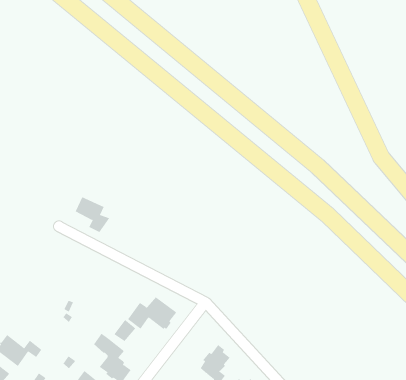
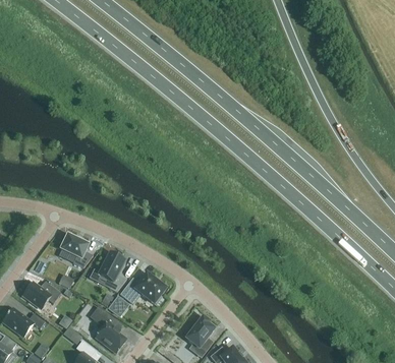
building: [75,197,110,233] -> [61,235,93,267]
building: none -> [99,253,126,292]
building: none -> [22,281,60,308]

